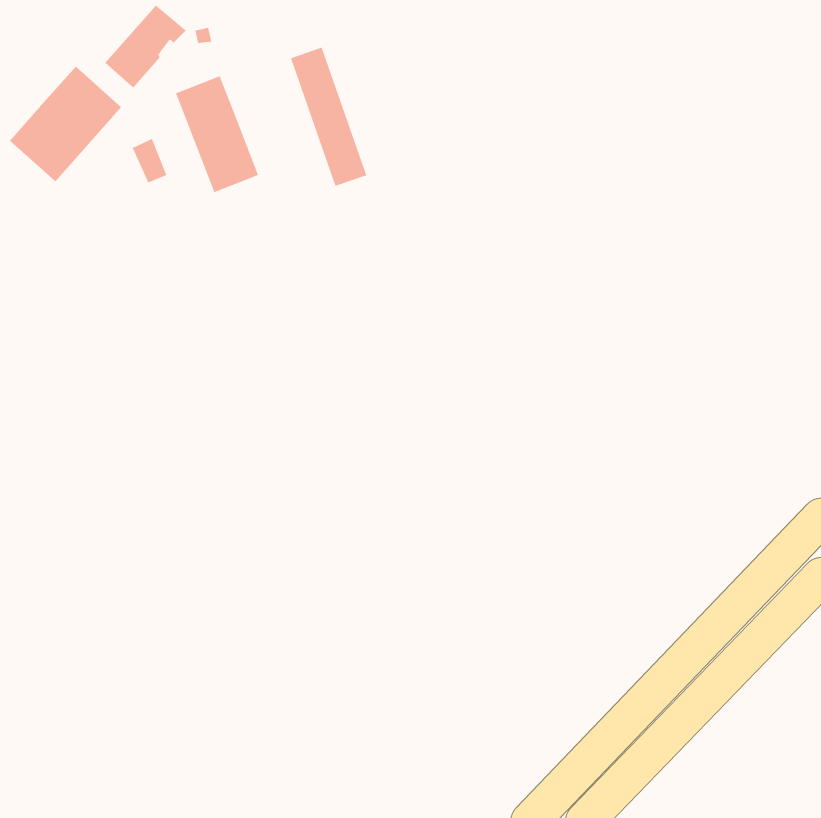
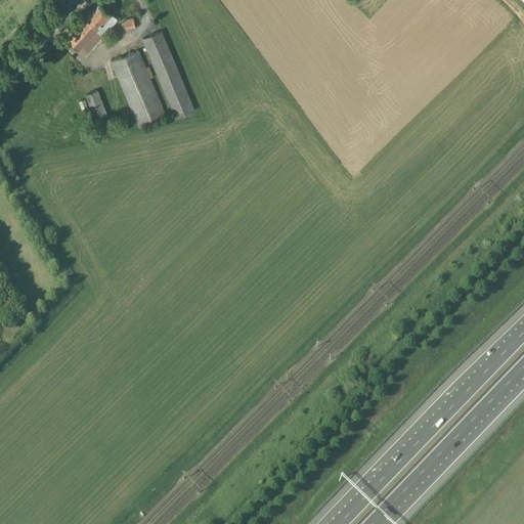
building: [290,47,367,187] -> [144,31,193,120]
building: [9,66,122,182] -> none

